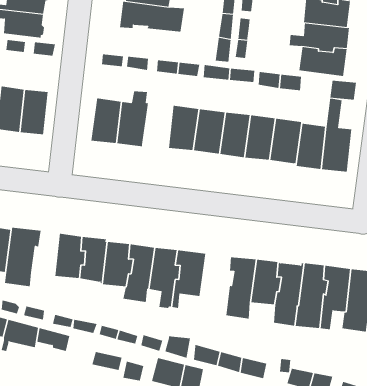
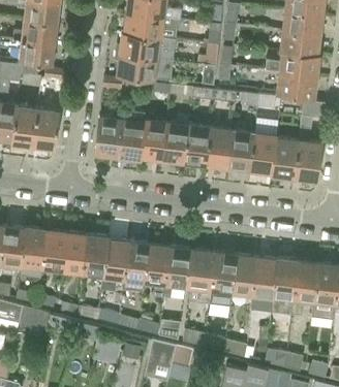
building: none -> [117,53,173,80]
building: none -> [140,120,165,159]
building: none -> [43,230,67,269]
building: none -> [189,250,218,303]

